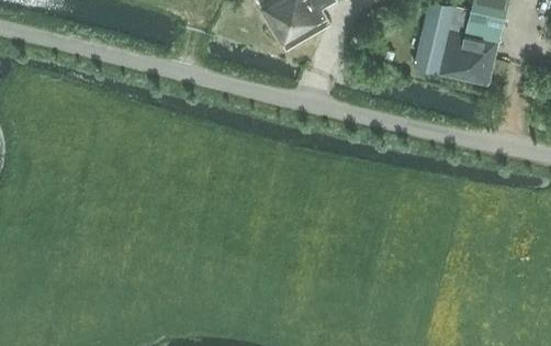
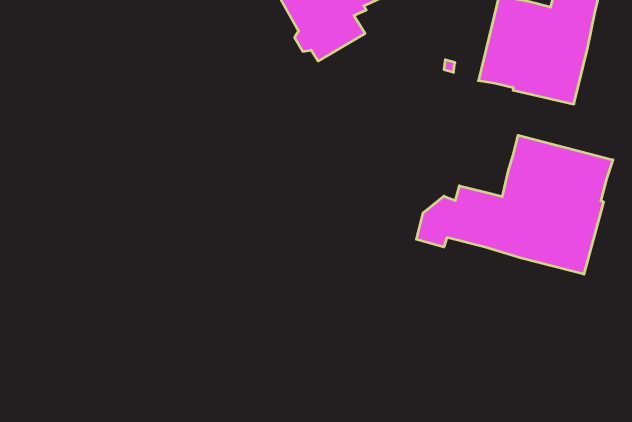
building: none -> [416,135,613,274]

